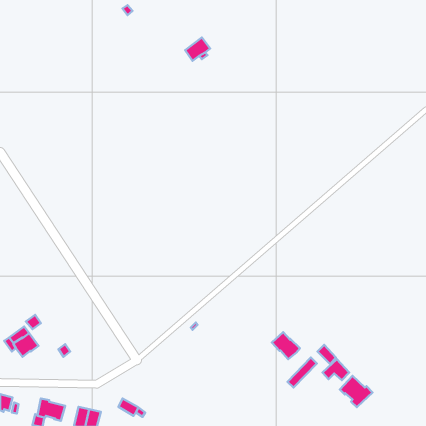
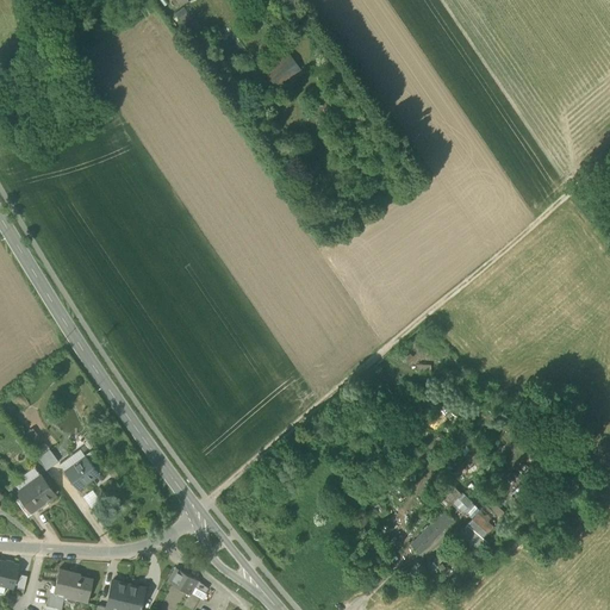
building: none -> [64,456,99,491]
building: [272,332,300,359] -> none
building: [340,376,372,407] -> none

